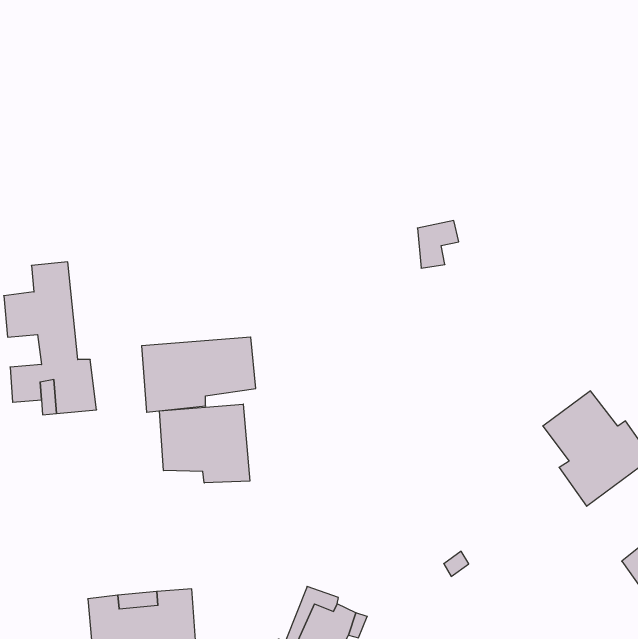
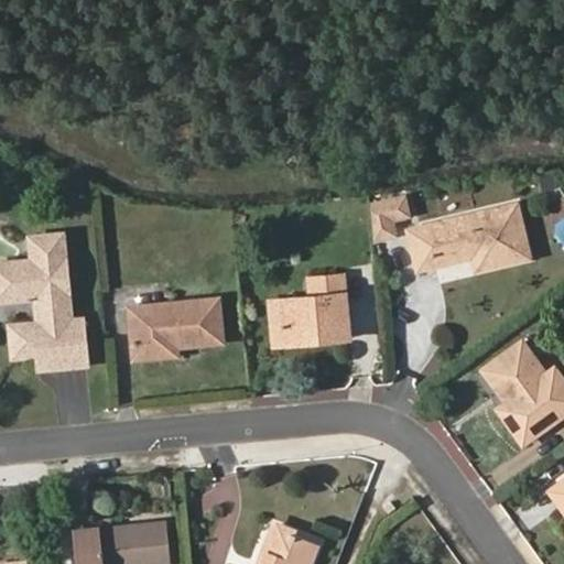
building: none -> [402,200,534,273]
building: none -> [268,271,352,347]
building: [160,404,250,483] -> none

